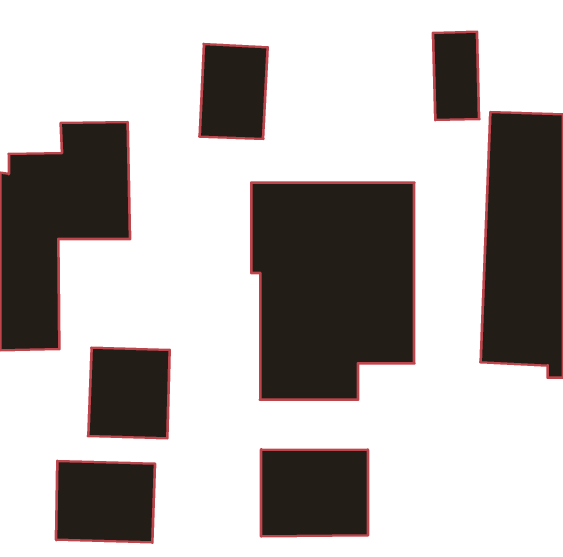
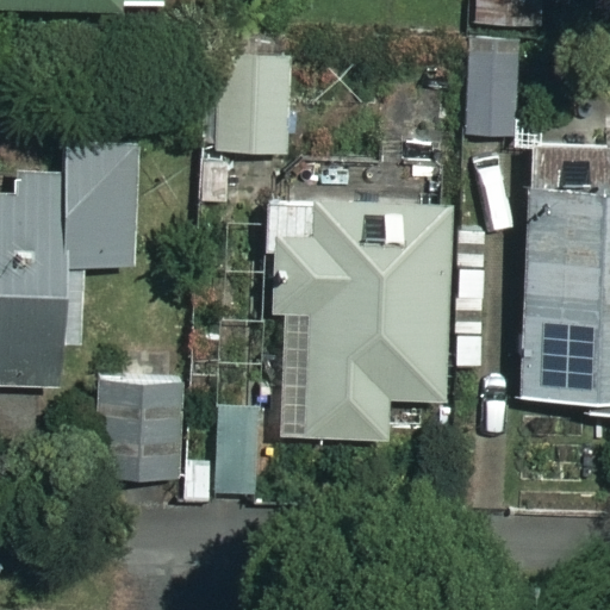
building: [261,449,368,536] -> none
building: [56,461,155,543] -> none

